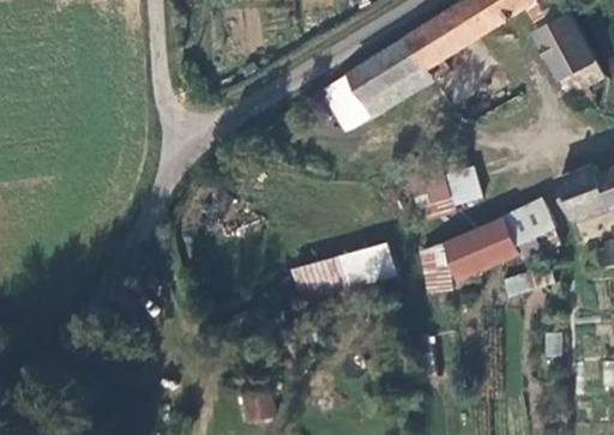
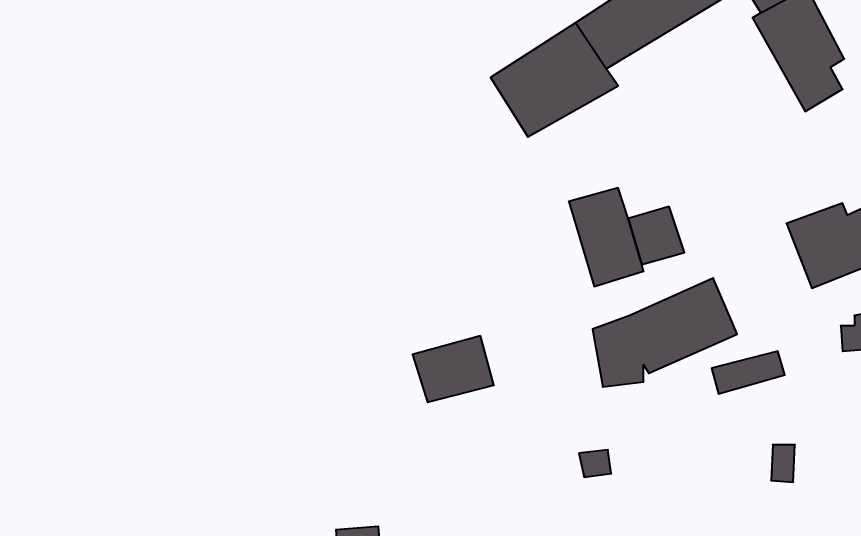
building: [321,73,374,132] -> none
building: [505,195,558,246] -> none
building: [341,241,399,290] -> none

